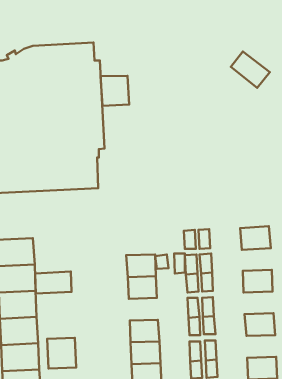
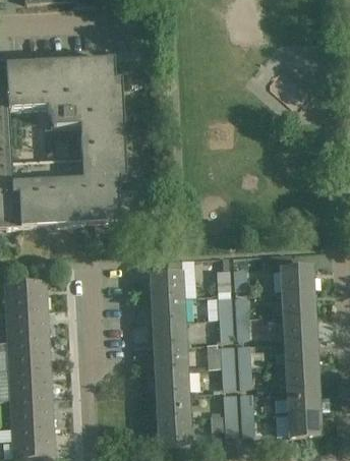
building: [101,76,129,106] -> none
building: none -> [151,270,184,296]
building: none -> [282,288,315,313]
building: [35,272,71,294] -> none
building: none -> [284,337,317,362]
building: none -> [155,344,187,369]
building: none -> [287,386,320,411]
building: [47,338,76,368] -> none

